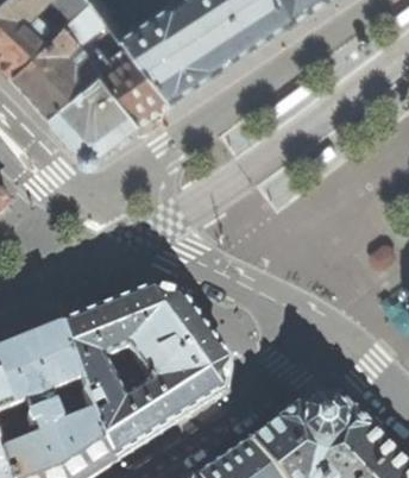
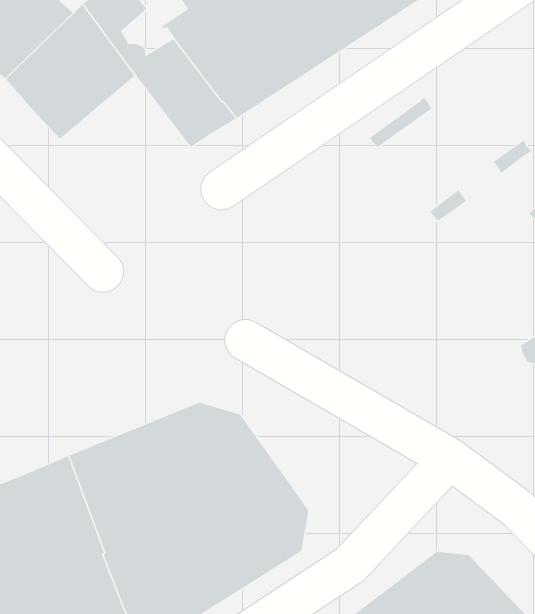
building: [52,64,143,146] -> none

